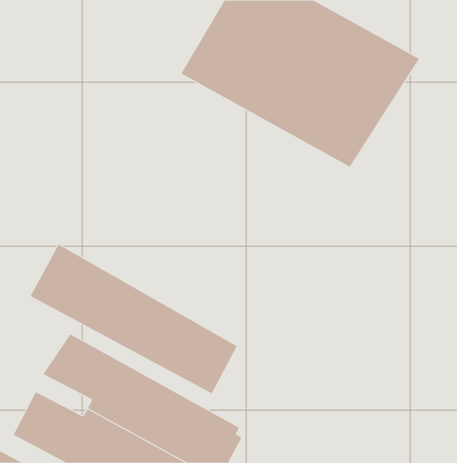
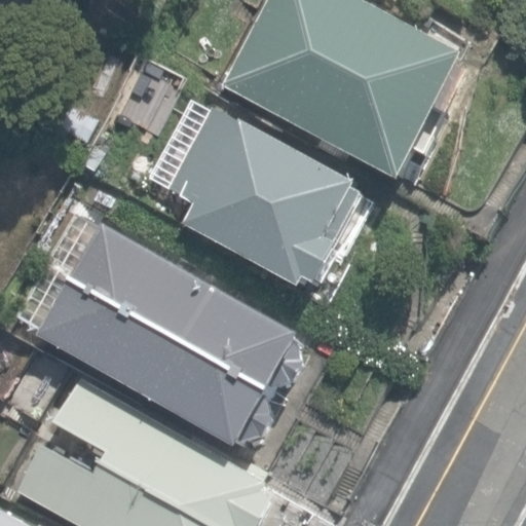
building: none -> [141,106,362,291]
building: none -> [66,224,303,392]

